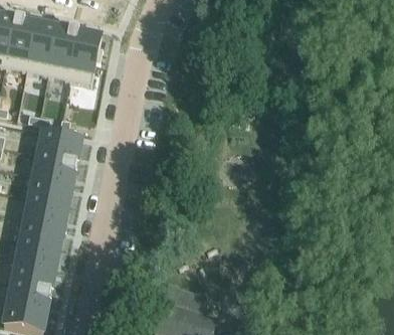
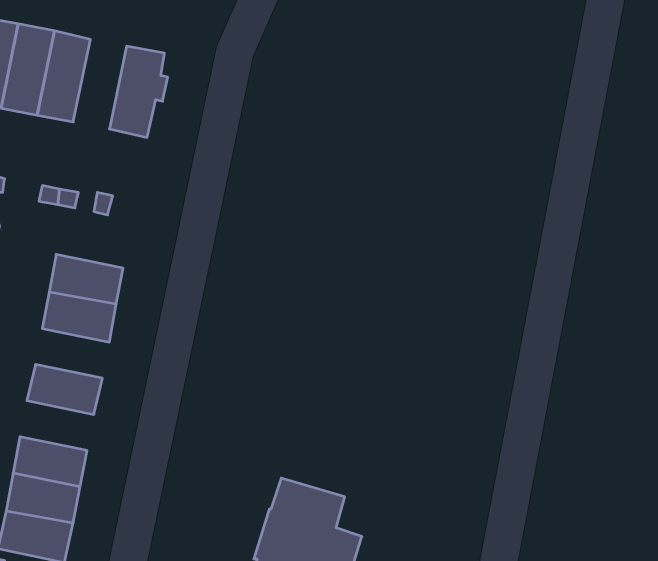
building: [47,24,78,76] -> none
building: [37,128,81,158] -> none
building: [25,193,68,222] -> none
building: [16,235,59,265] -> none

